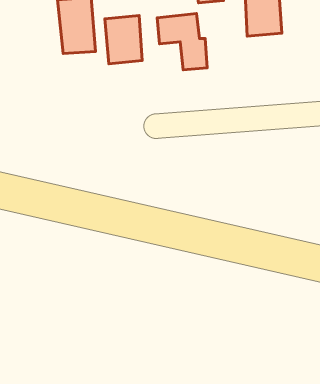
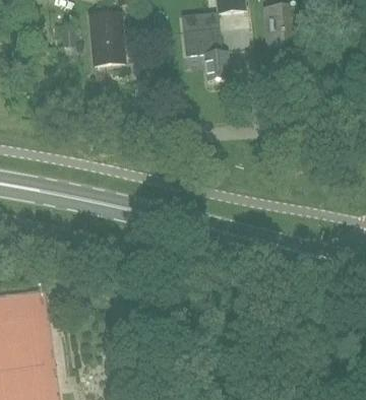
building: [105,15,142,64] -> none

